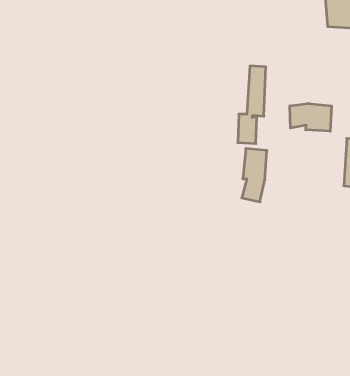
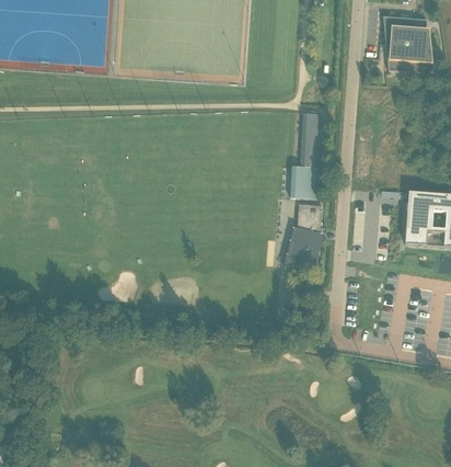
building: [290,103,332,131] -> none

